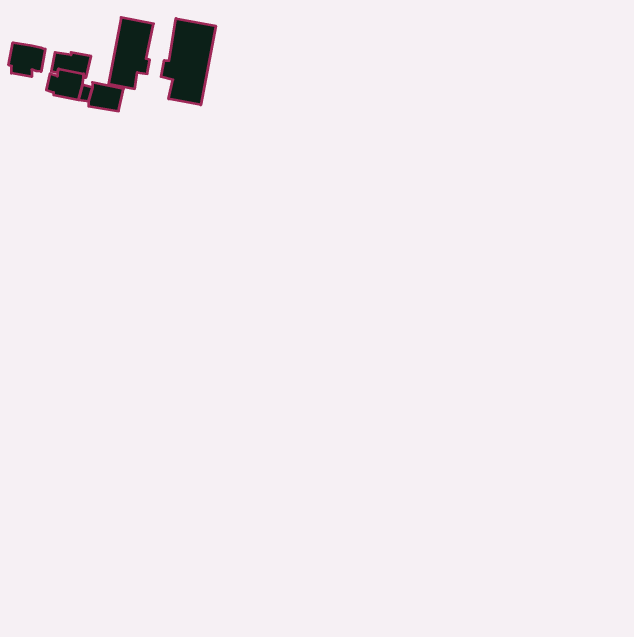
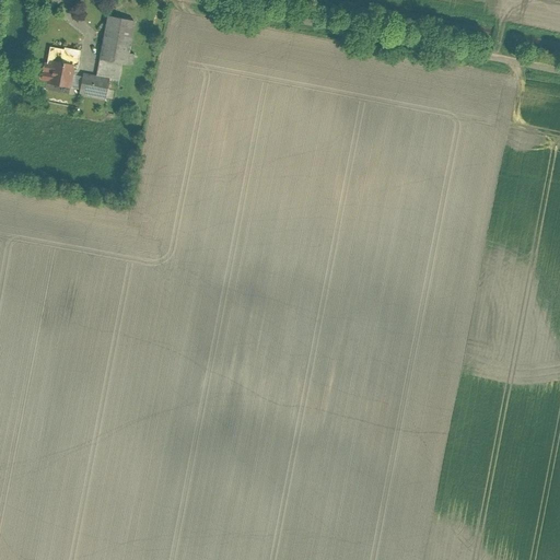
building: [161,18,216,105] -> none
building: [9,43,45,77] -> none

